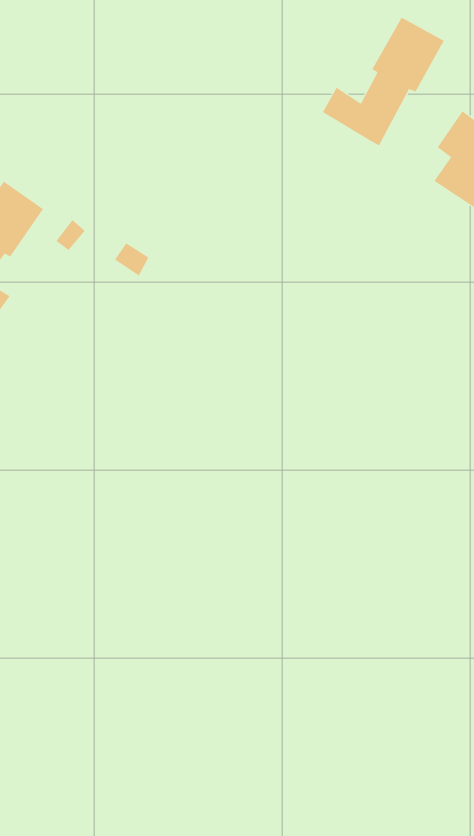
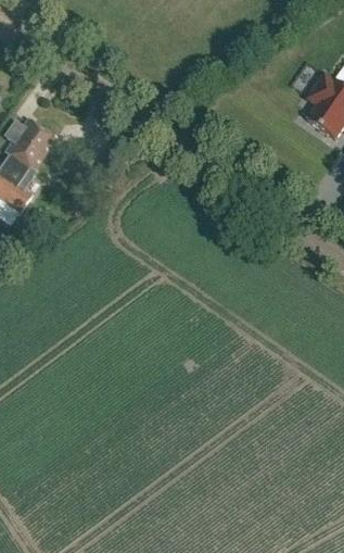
building: [322,17,444,146] -> none

